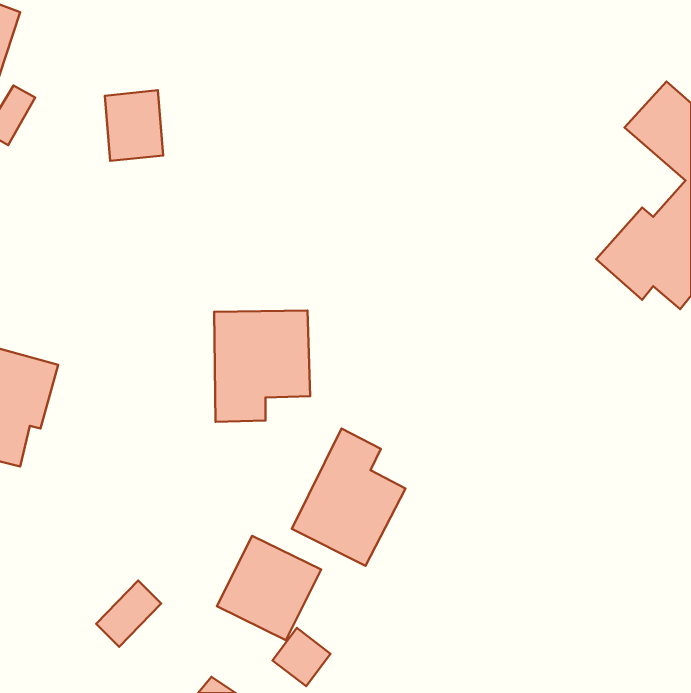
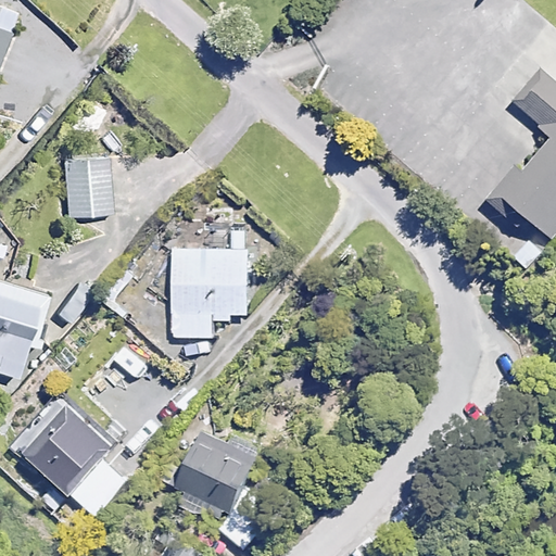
building: [105,90,163,161] -> [64,160,111,216]
building: [292,429,406,566] -> none
building: none -> [17,396,115,495]

